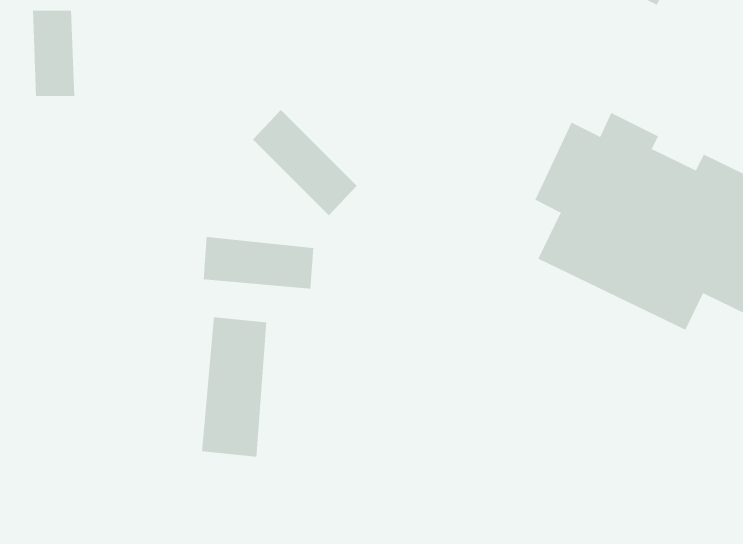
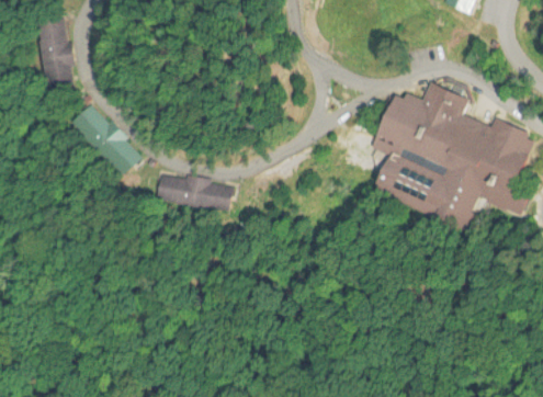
building: [252,109,358,216] -> [65,101,137,174]
building: [201,317,267,457] -> none

